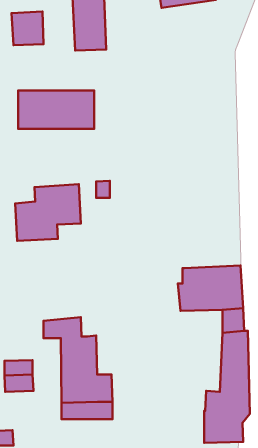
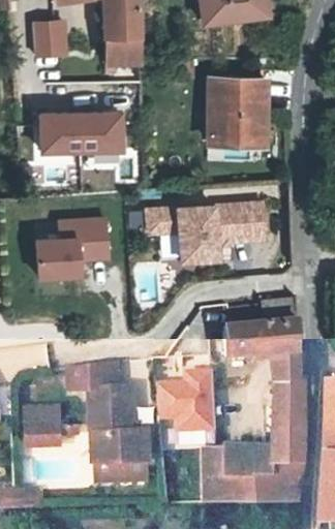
building: none -> [209,75,265,139]
building: none -> [148,201,266,259]
building: none -> [151,374,210,433]
building: none -> [204,445,255,507]

